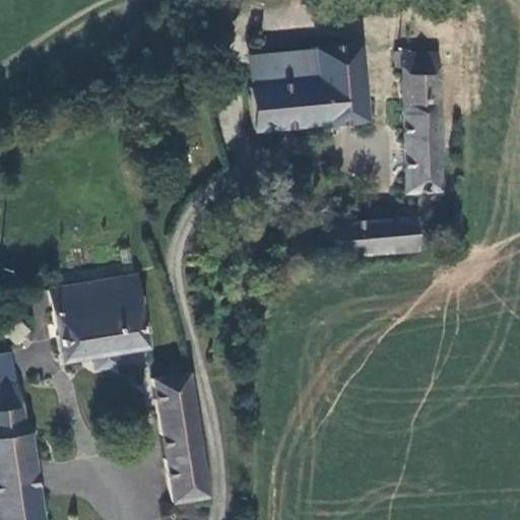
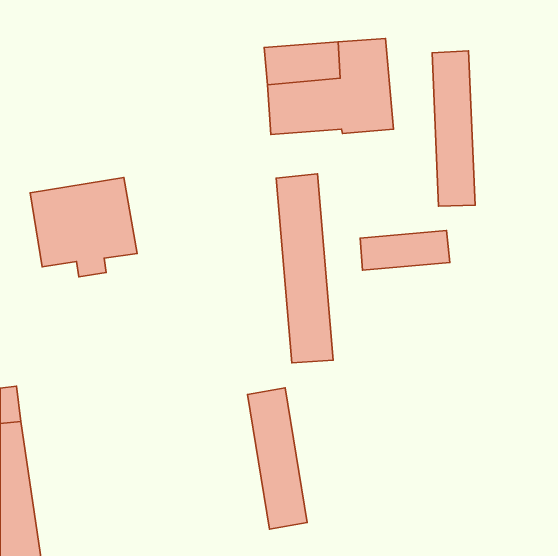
building: none -> [276,174,333,363]
building: [49,279,147,371] -> [30,178,137,277]
building: [153,377,208,507] -> [247,388,307,529]

